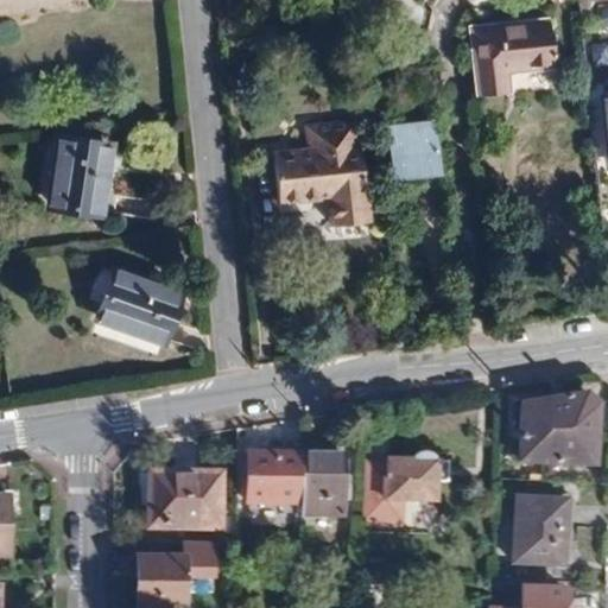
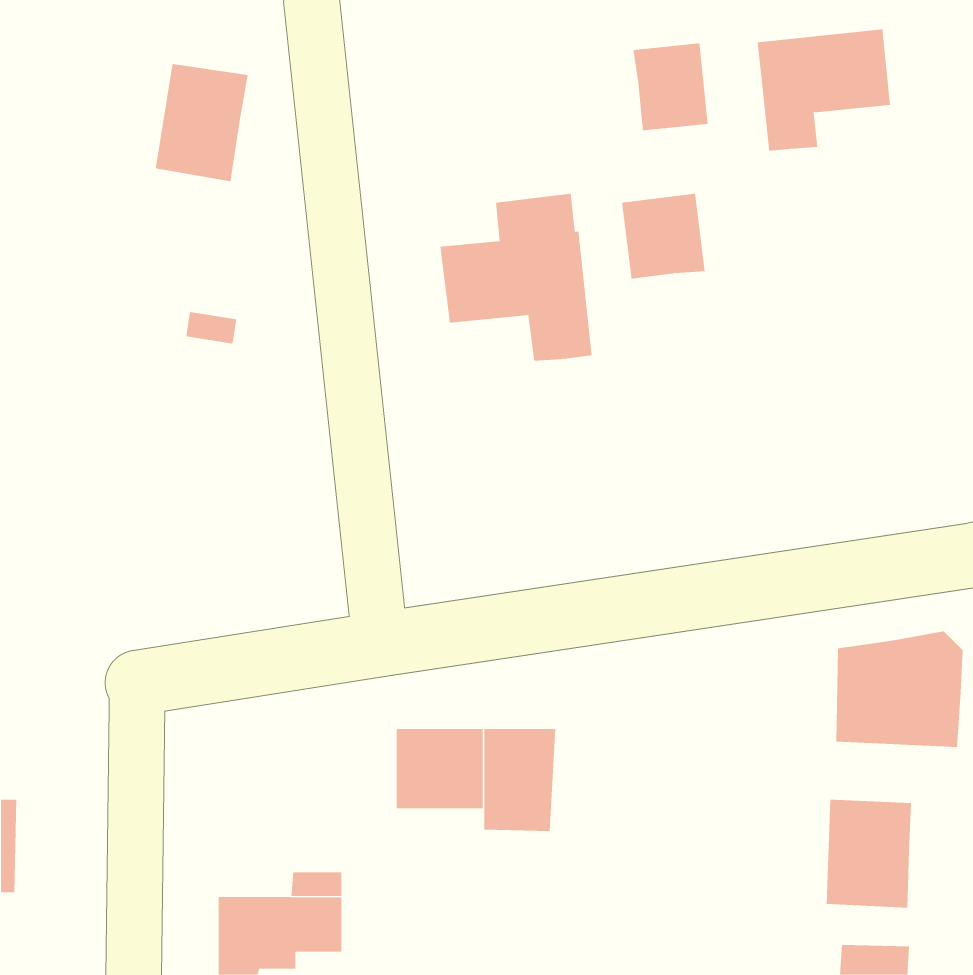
building: none -> [633,43,708,131]
building: [53,138,112,211] -> [155,63,248,182]
building: [101,271,179,338] -> none
building: [365,454,439,522] -> none
building: [151,471,221,526] -> none

